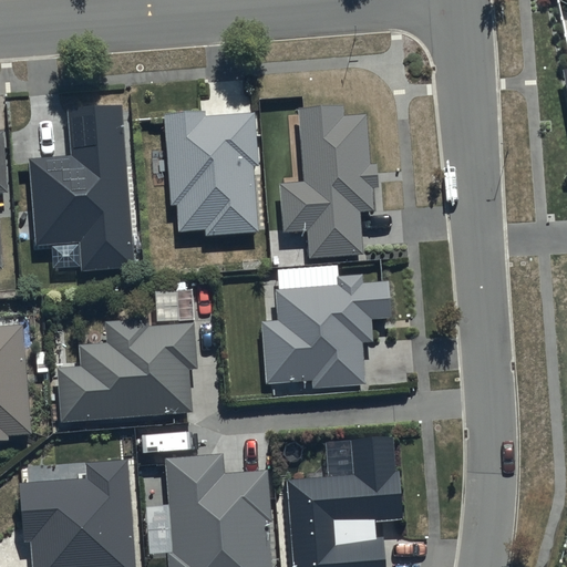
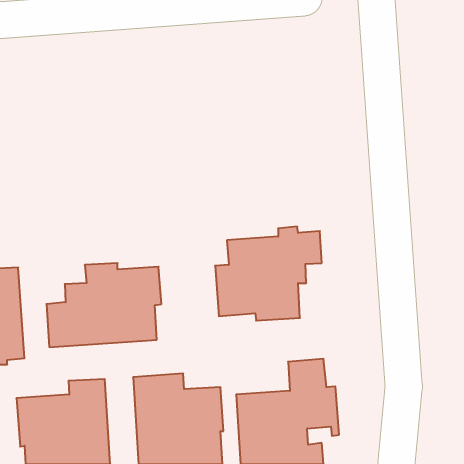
building: [28,105,132,269] -> none
building: [278,105,378,258] -> none
building: [164,112,258,237] -> none

